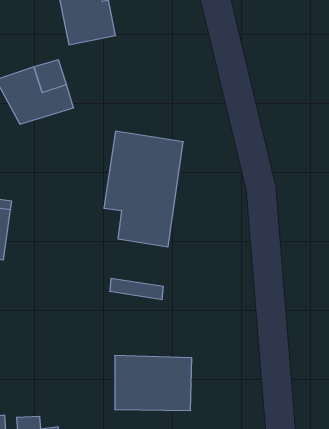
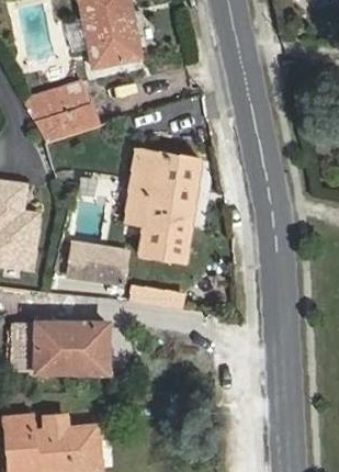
building: none -> [67,243,128,284]
building: [115,356,192,411] -> [34,321,106,372]

